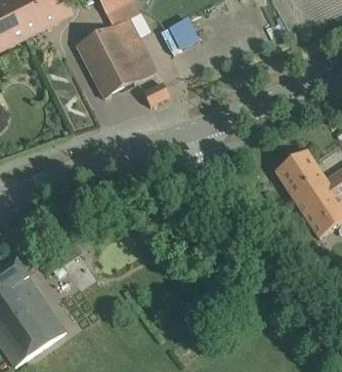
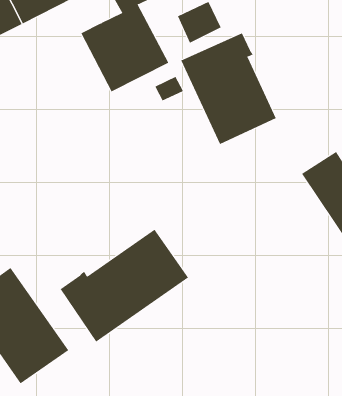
building: none -> [180,32,277,145]
building: none -> [60,229,189,342]

